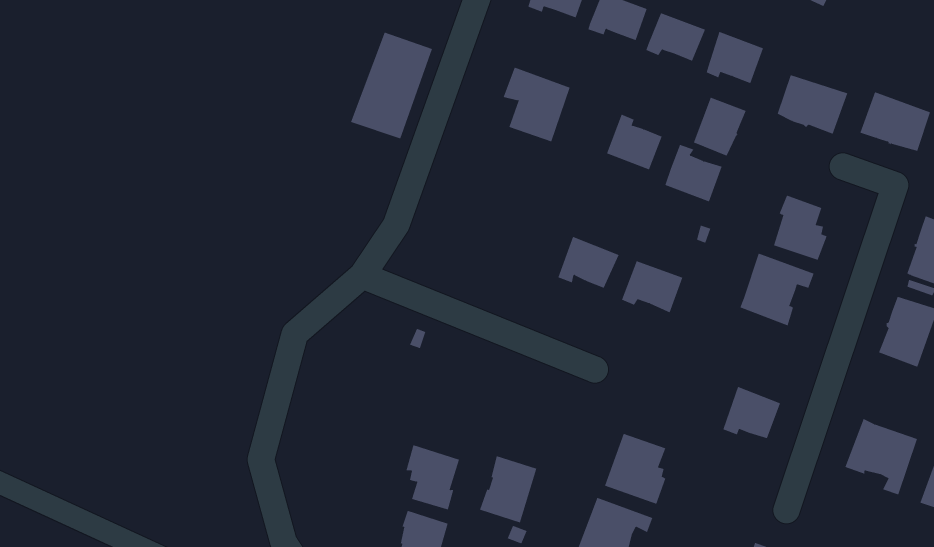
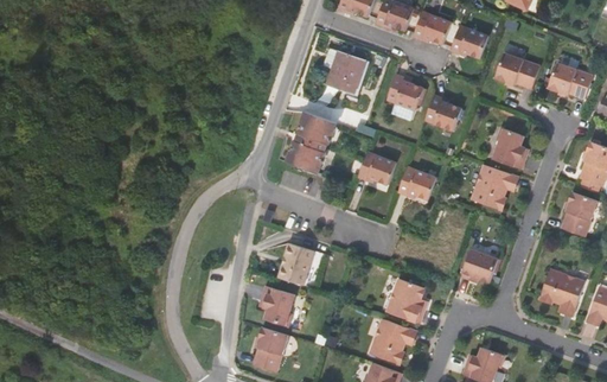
building: [350,32,433,139] -> [286,108,338,176]
building: [693,97,746,156] -> none
building: [479,455,537,523] -> [277,242,314,285]

